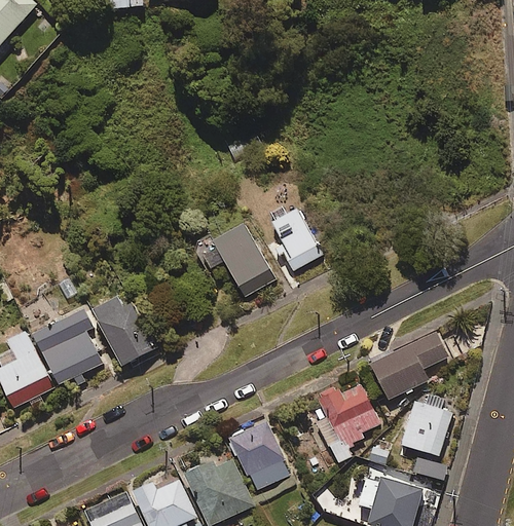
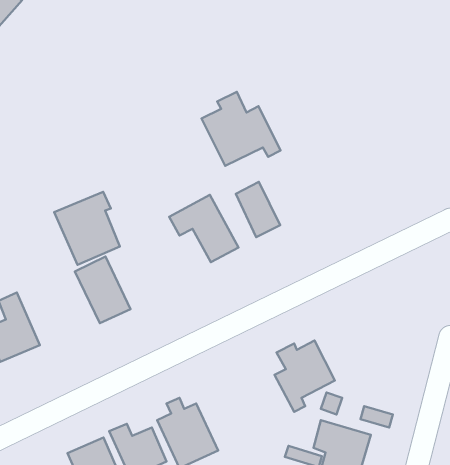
building: none -> [201,92,280,166]
building: [29,307,102,388] -> [54,192,120,265]
building: [371,332,447,399] -> none
building: [400,399,452,455] -> none
building: [230,419,290,490] -> none

